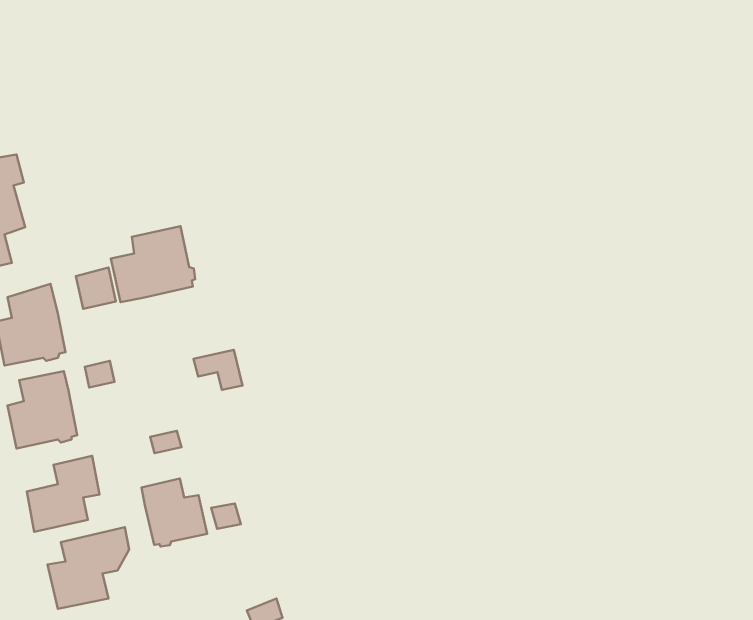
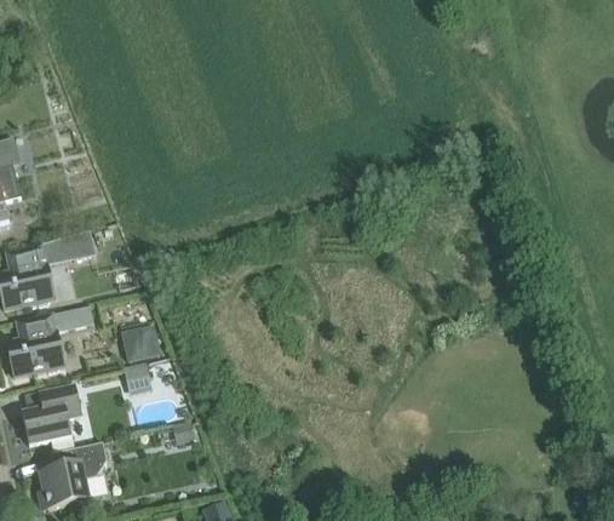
building: [111,226,195,302] -> none
building: [194,350,243,390] -> [120,325,160,357]
building: [141,479,207,546] -> none

